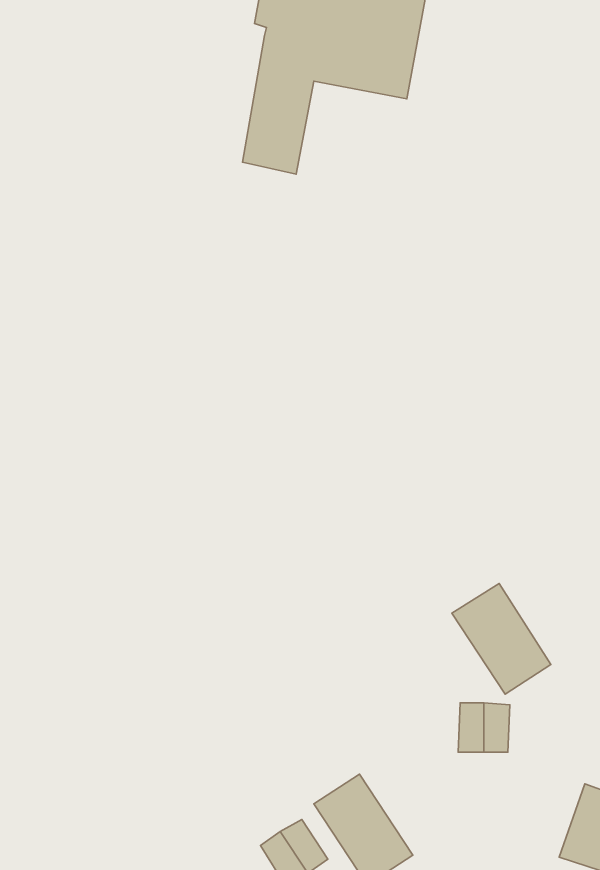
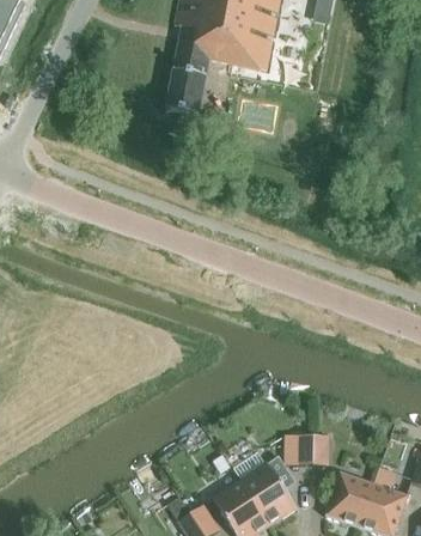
building: [452,583,551,694] -> [238,458,298,525]
building: none -> [325,471,374,526]

